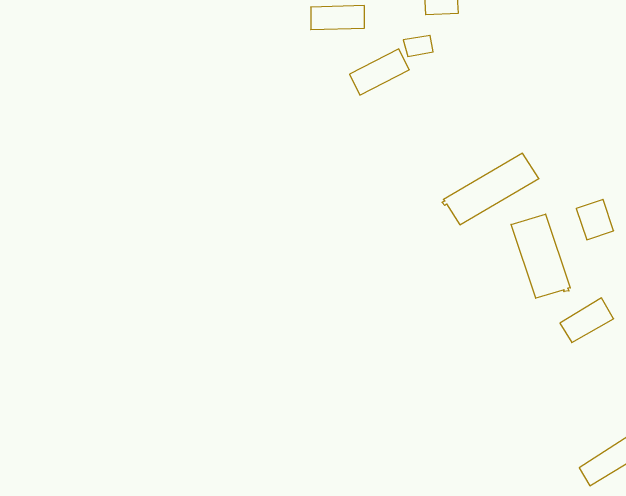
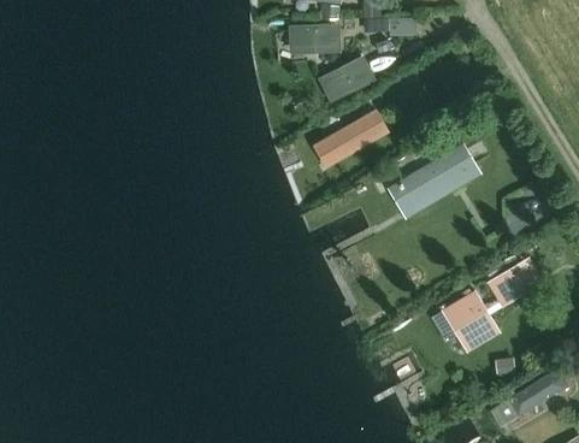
building: none -> [323,111,386,163]
building: [511,214,570,298] -> none
building: none -> [447,291,484,345]

